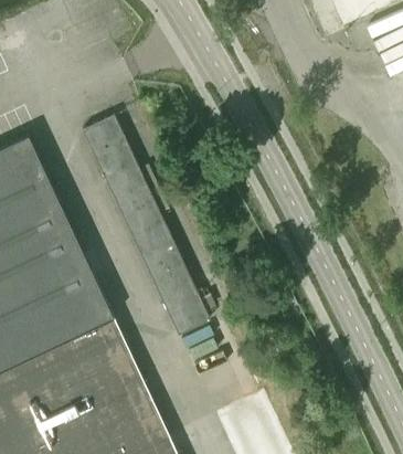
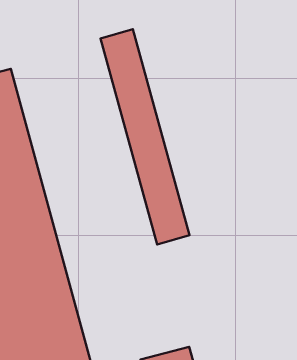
building: [82,116,210,336] -> [101,29,189,244]

